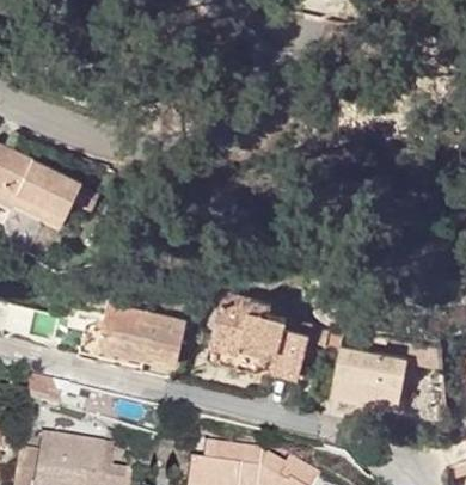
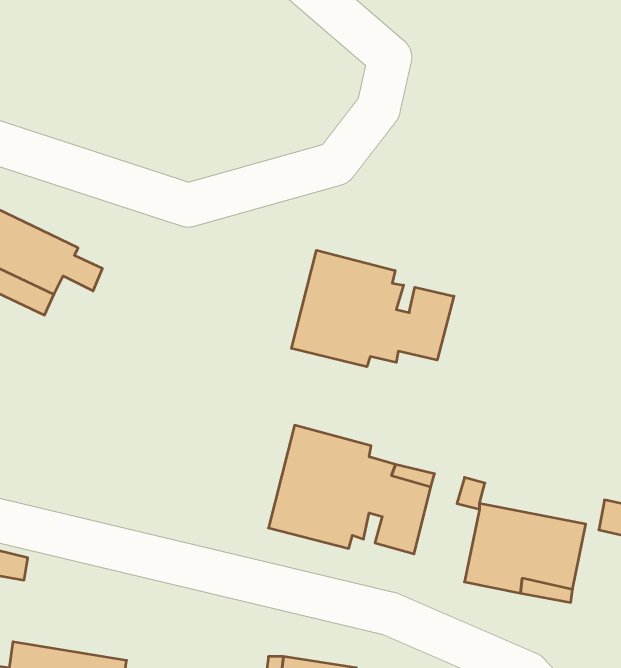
building: none -> [291,250,454,367]
building: [98,301,186,362] -> none

